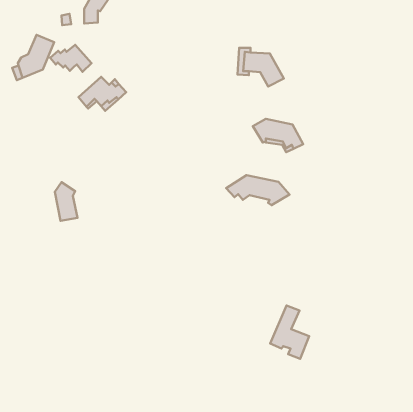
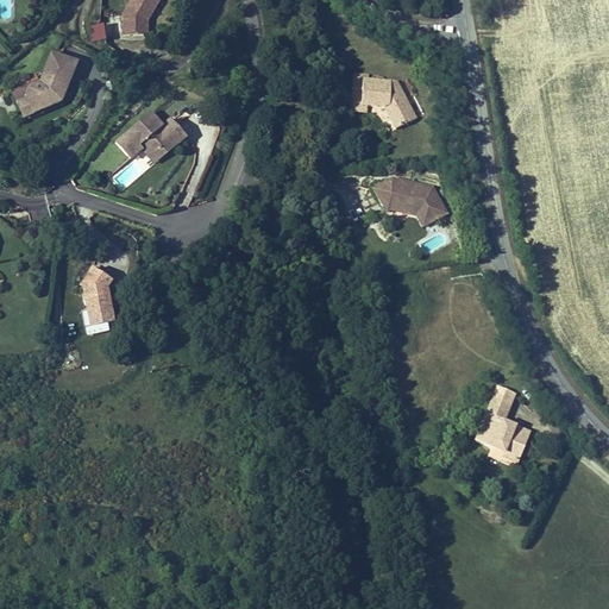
building: [50,45,92,72] -> none
building: [226,175,289,205] -> none
building: [270,306,309,359] -> [473,384,530,463]

